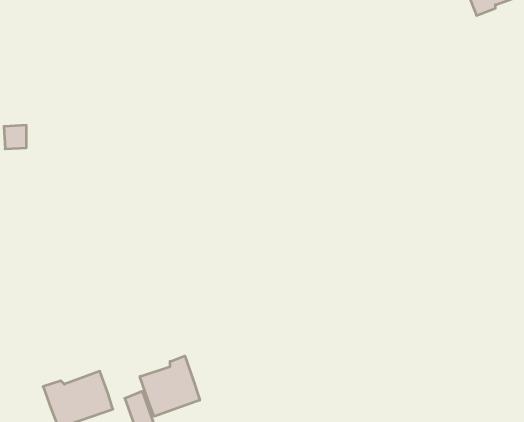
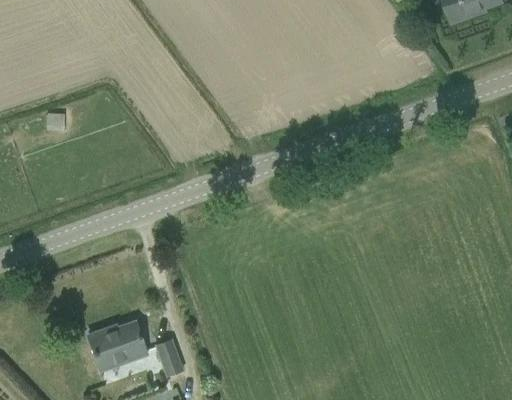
building: [140,356,200,416] -> none

